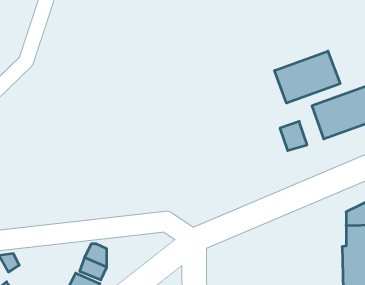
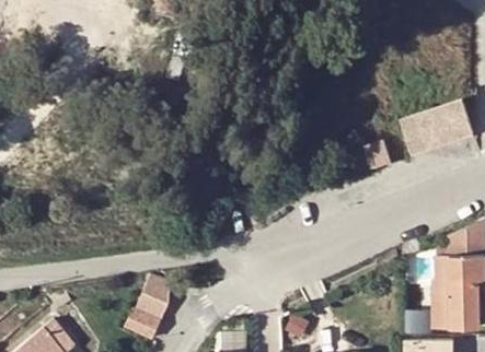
building: [275,51,340,103] -> none

